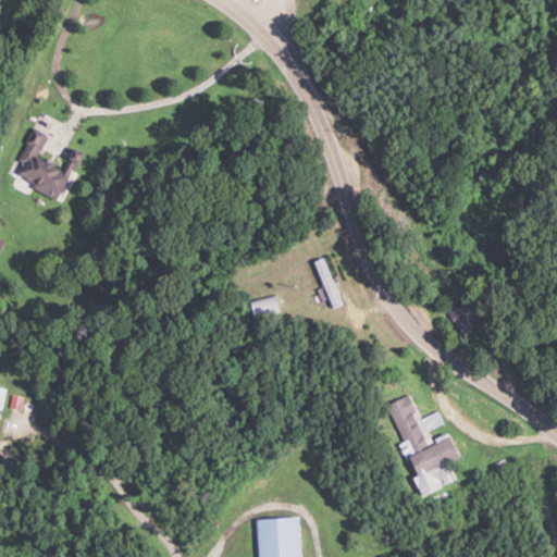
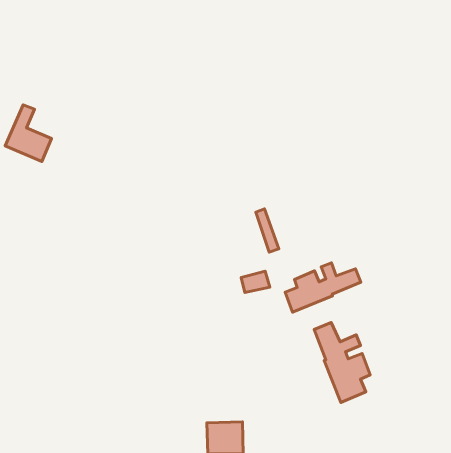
building: [249,295,284,321] -> [241,271,270,293]
building: none -> [285,263,361,312]

